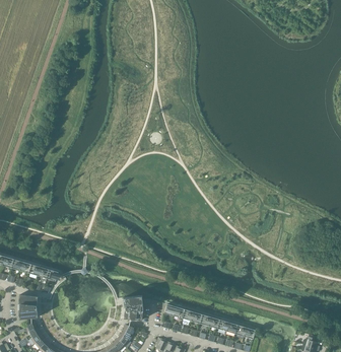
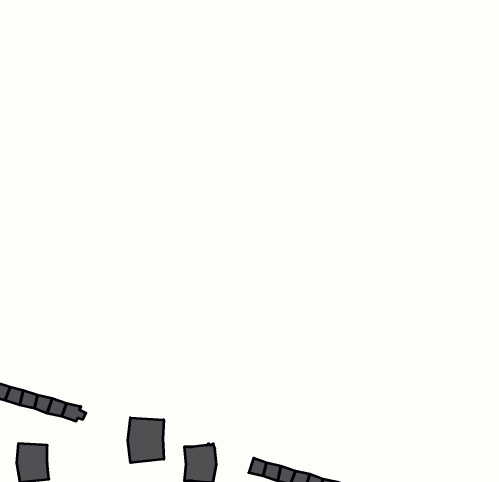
building: none -> [128,418,164,463]

